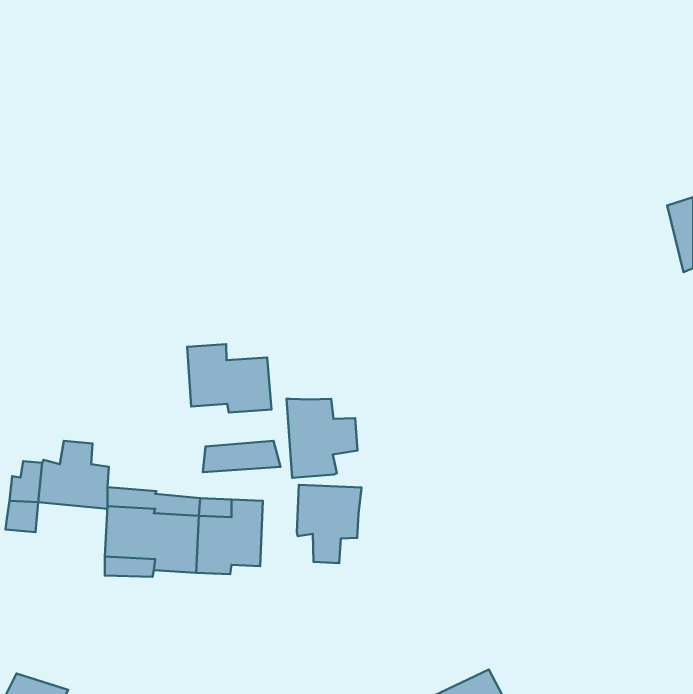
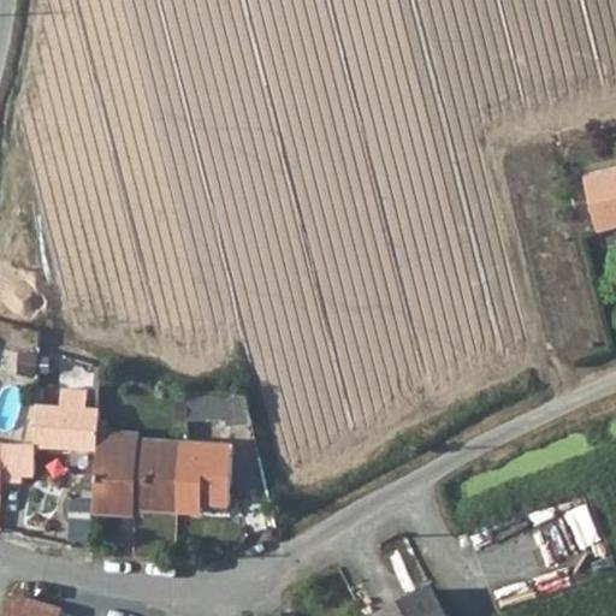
building: [187,344,271,413] -> none
building: [287,399,358,478] -> none
building: [297,485,362,563] -> none

